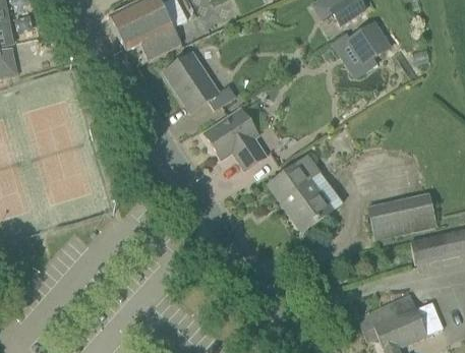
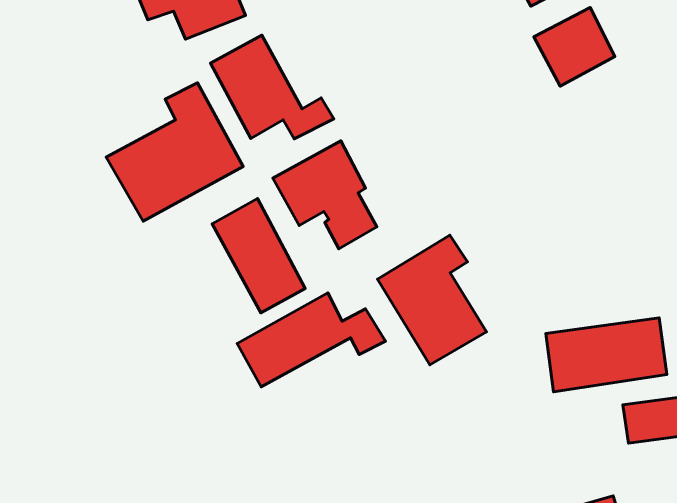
building: none -> [106,83,243,221]
building: none -> [212,198,305,313]
building: none -> [237,293,385,387]

